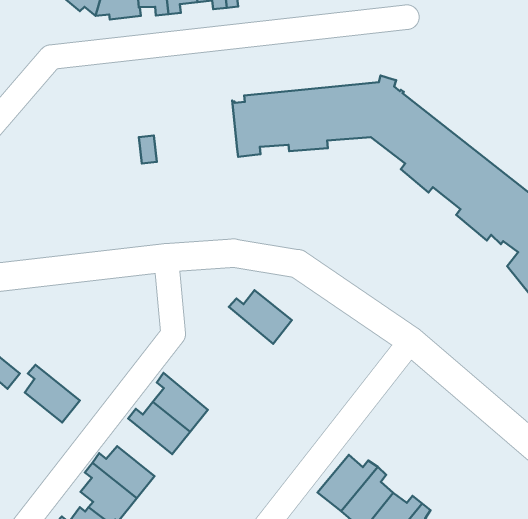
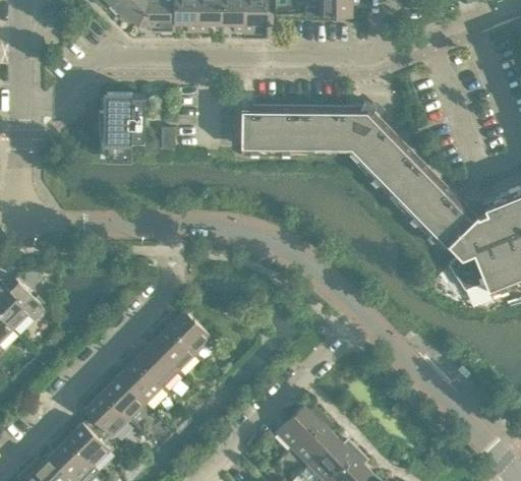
building: none -> [99,92,143,161]
building: [229,290,292,344] -> [161,310,211,355]
building: [25,365,80,423] -> [117,355,161,404]

